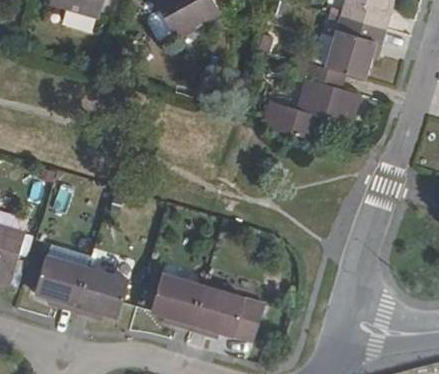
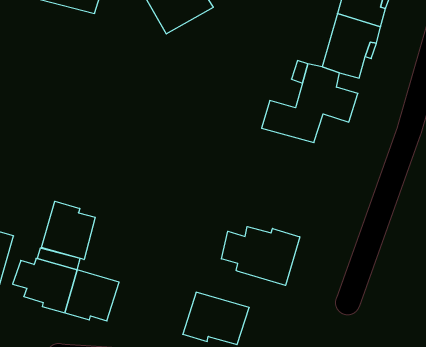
building: none -> [41,201,95,260]
building: none -> [221,227,300,285]
building: [150,274,203,328] -> none

